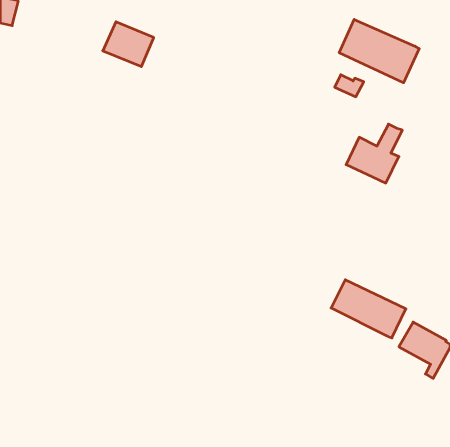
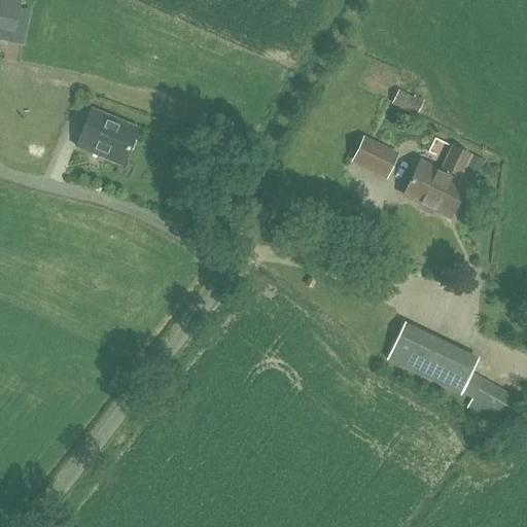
building: [339,19,419,83] -> none
building: [103,22,154,67] -> [77,108,137,161]
building: none -> [354,136,397,175]

